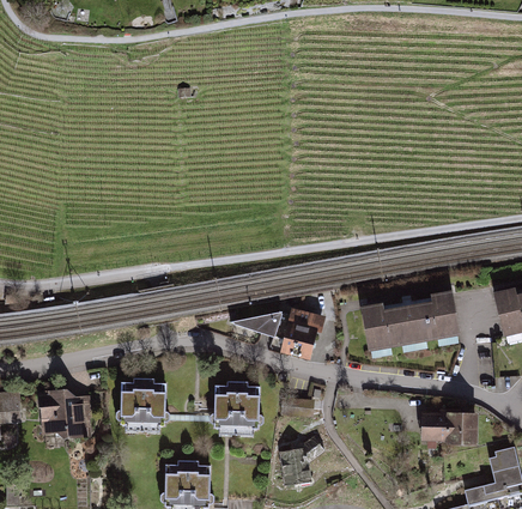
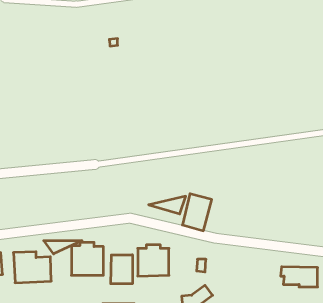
building: [360,291,457,356] -> none
building: none -> [44,241,82,254]
building: none -> [111,255,132,284]

